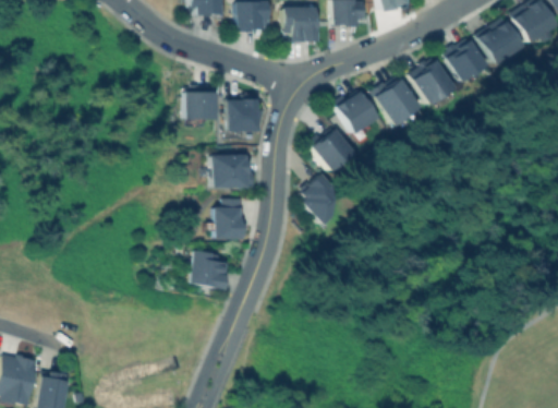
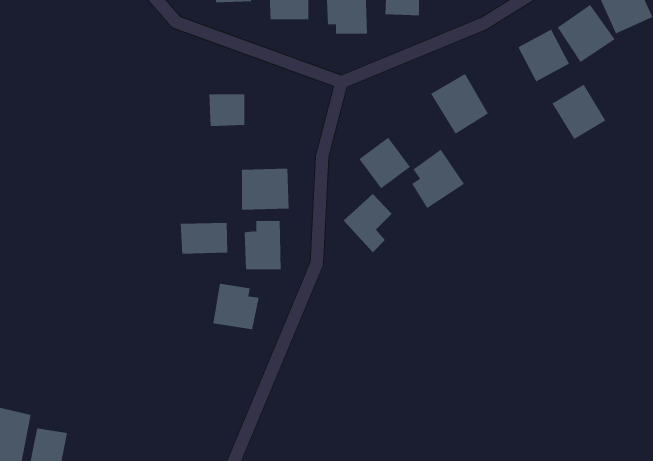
building: [409,59,454,106] -> [552,84,606,140]
building: [333,89,378,140] -> [411,149,465,209]
building: [226,100,260,132] -> none
building: none -> [180,222,228,254]

